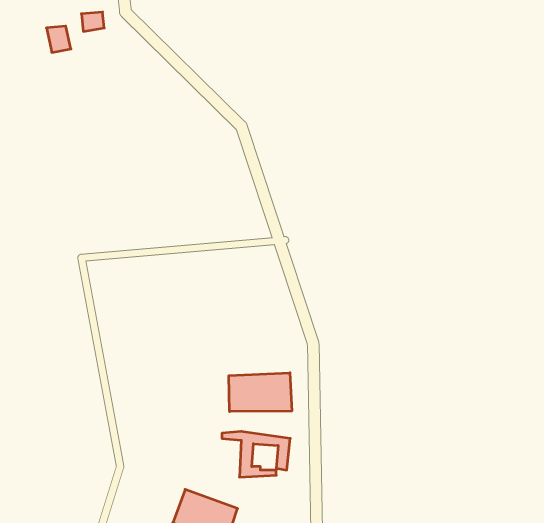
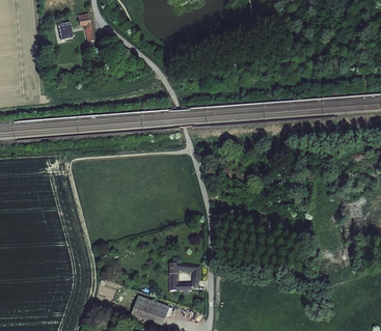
building: [229,373,292,412] -> none

